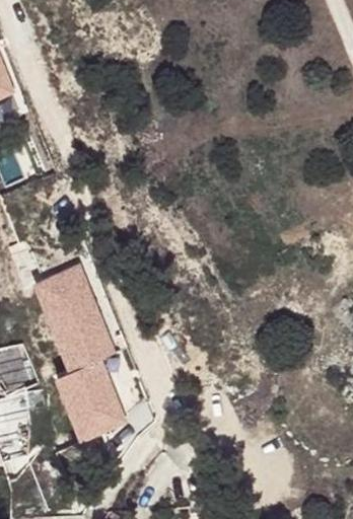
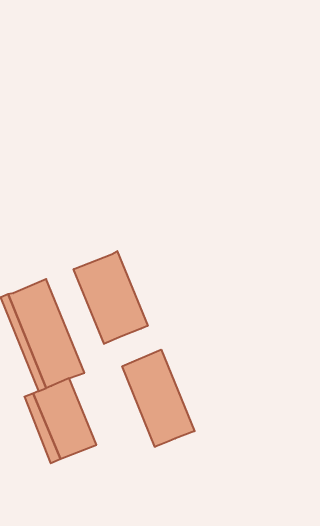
building: none -> [74,251,148,344]
building: none -> [122,350,195,447]

